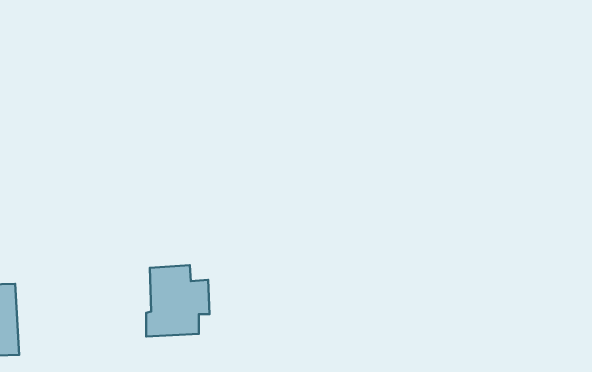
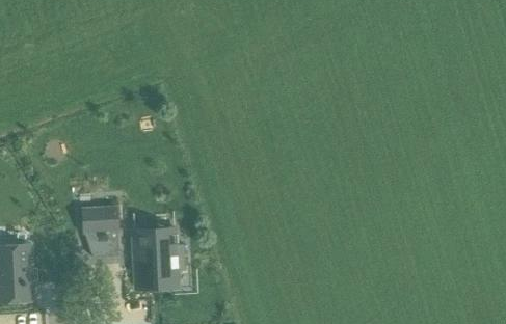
building: none -> [84,208,119,258]

